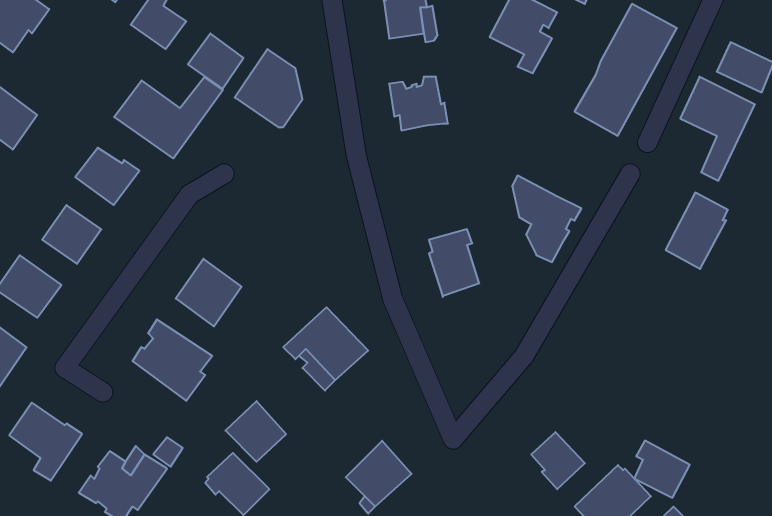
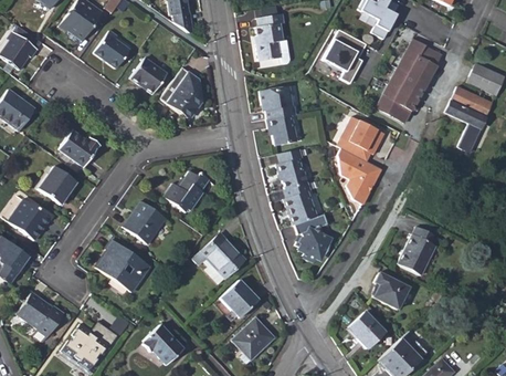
building: [114,77,223,158] -> none
building: none -> [267,115,298,146]
building: none -> [337,116,384,161]
building: none -> [276,149,309,189]
building: [666,193,728,269] -> [398,227,438,275]
building: none -> [166,170,210,211]
building: none -> [295,213,334,263]
building: [225,401,286,462] -> [220,280,259,318]
building: [634,441,690,498] -> [373,272,409,309]

